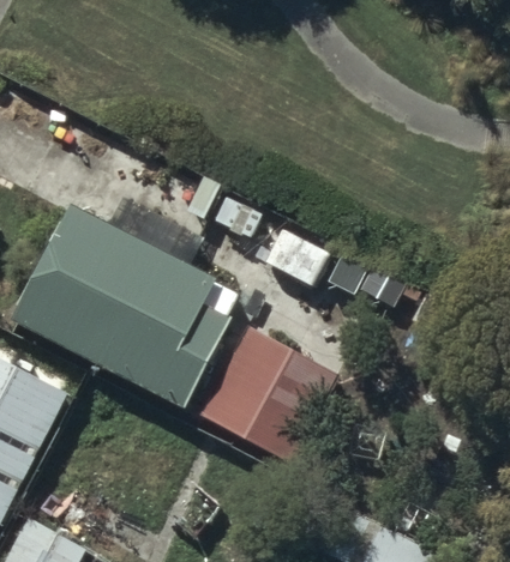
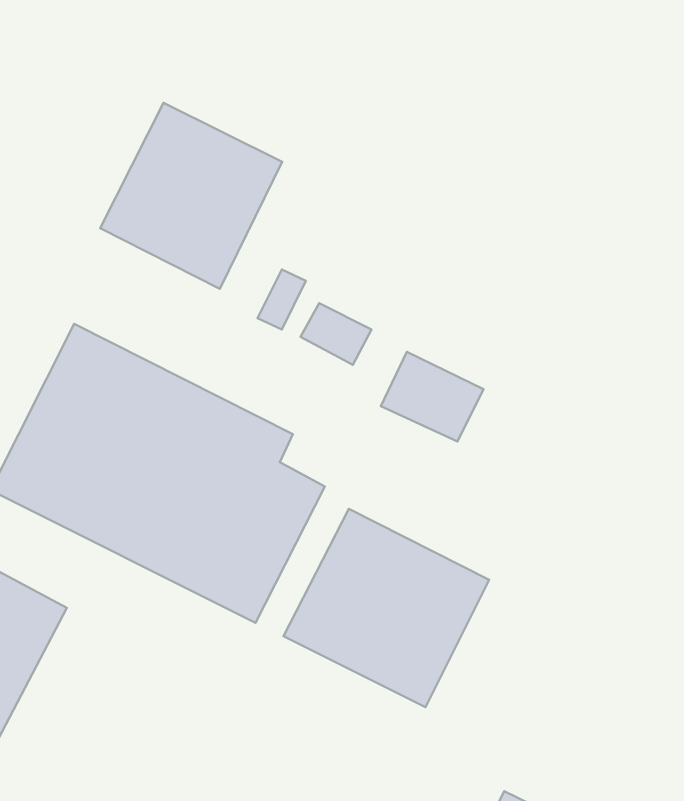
building: none -> [100,103,282,289]

